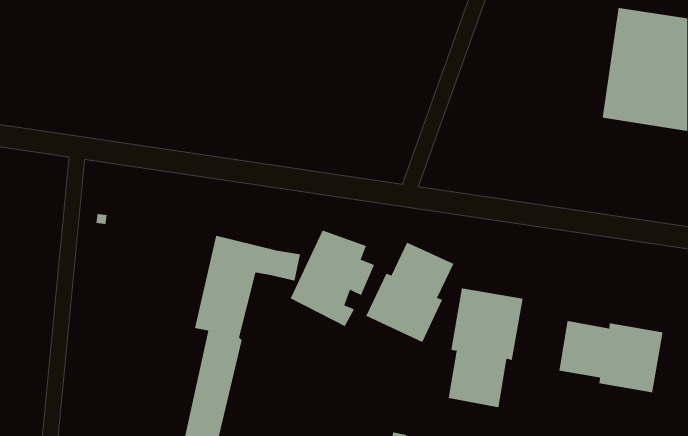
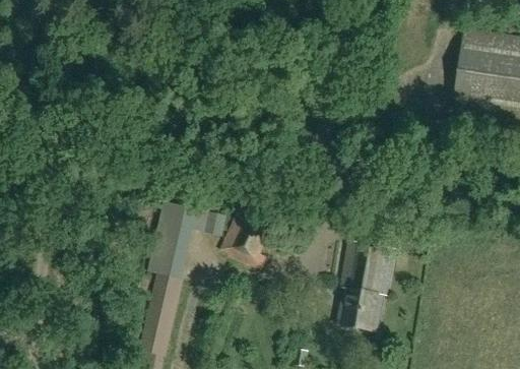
building: [366,242,454,343] -> none
building: [559,320,663,393] -> none

